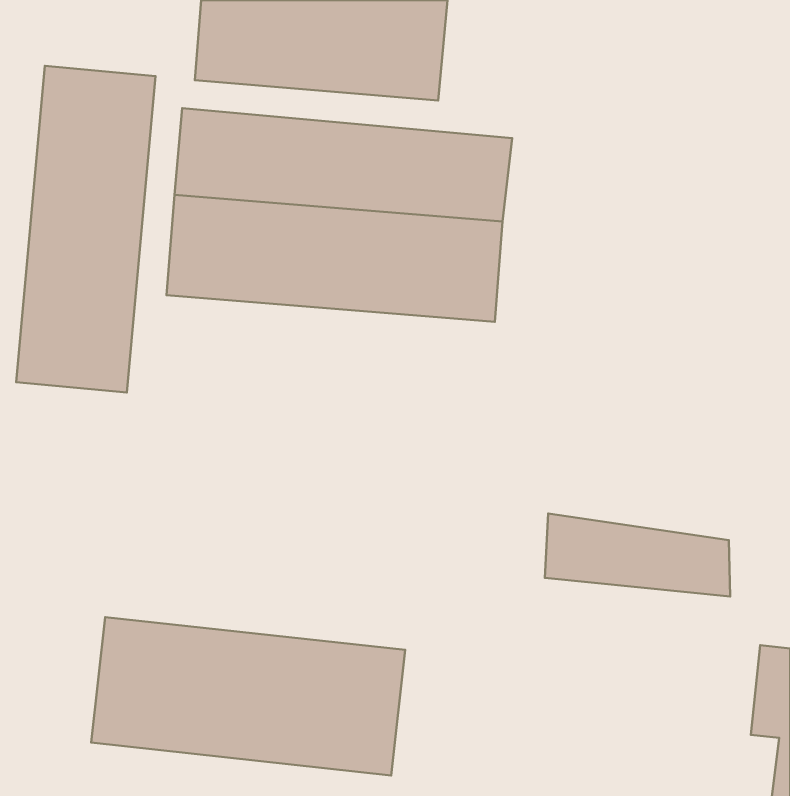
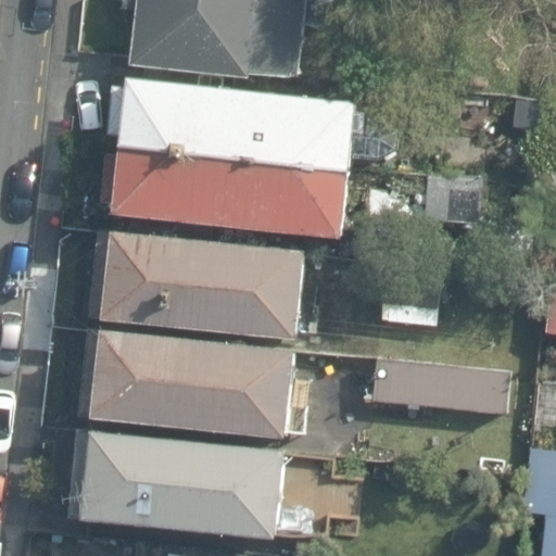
building: [16,66,155,392] -> none
building: none -> [100,229,302,337]
building: none -> [92,328,300,438]

